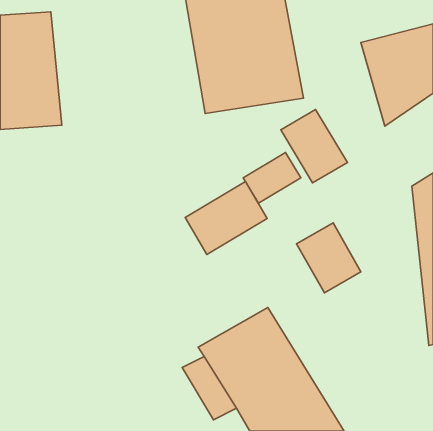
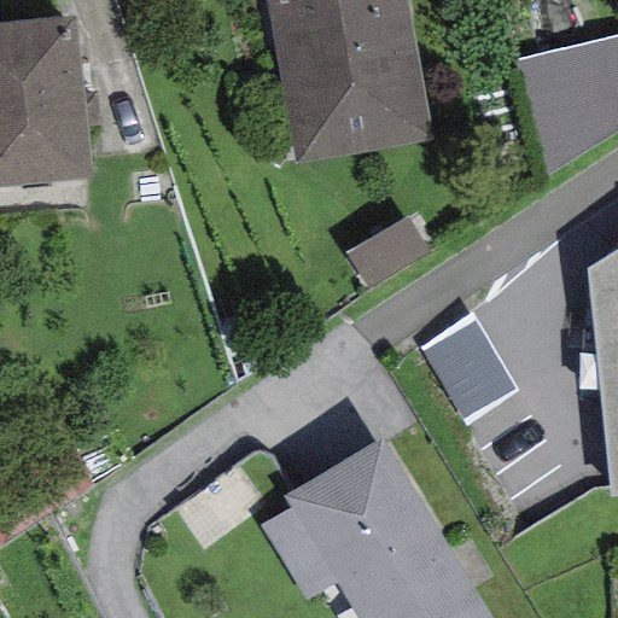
building: [281,109,347,183] -> none
building: [185,181,267,254] -> none

